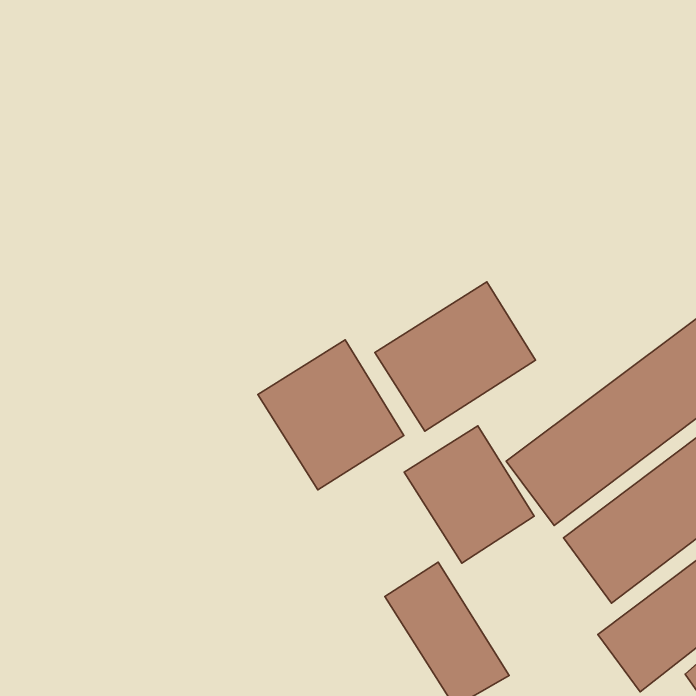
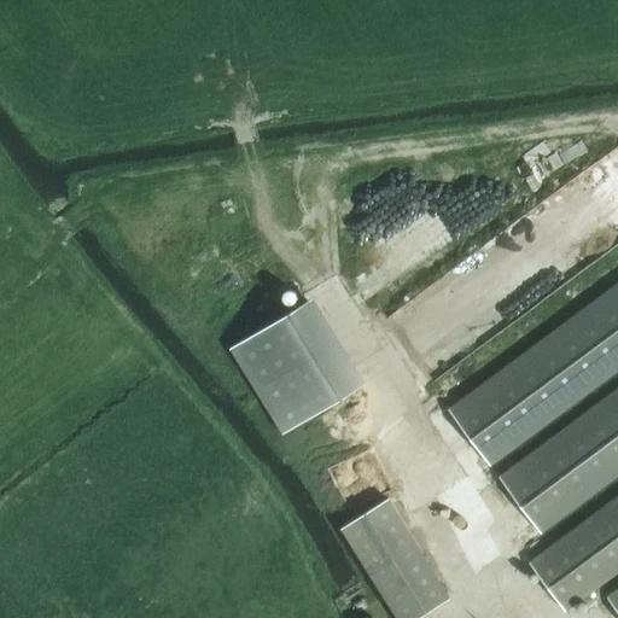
building: [375,282,536,431] -> none
building: [404,426,534,563] -> none

